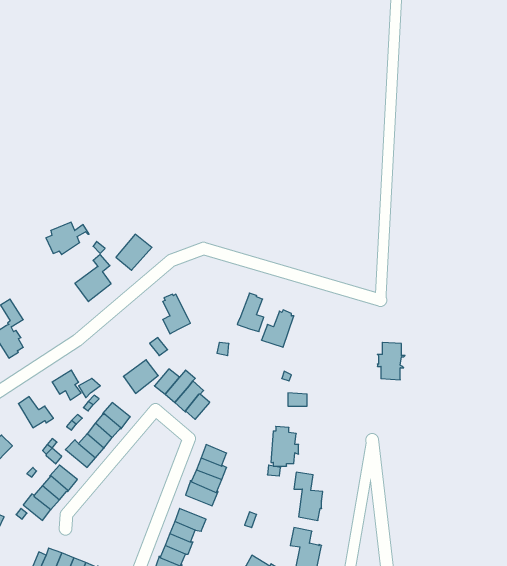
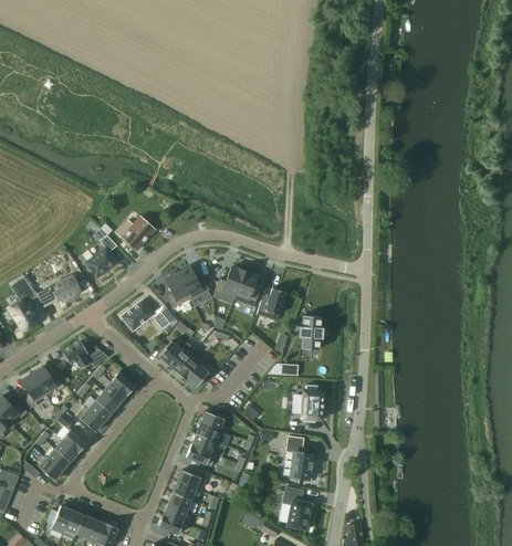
building: [46,222,89,255] -> [50,273,90,303]
building: none -> [177,266,209,298]
building: none -> [213,266,244,296]
building: [377,342,405,380] -> [297,315,323,349]
building: [123,360,158,393] -> [121,300,153,330]
building: none -> [21,372,45,408]
building: [271,426,299,466] -> [300,385,325,421]

